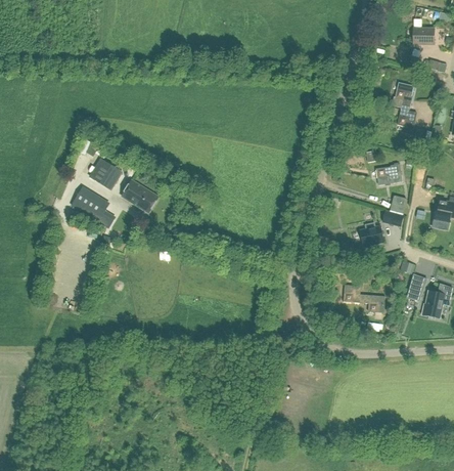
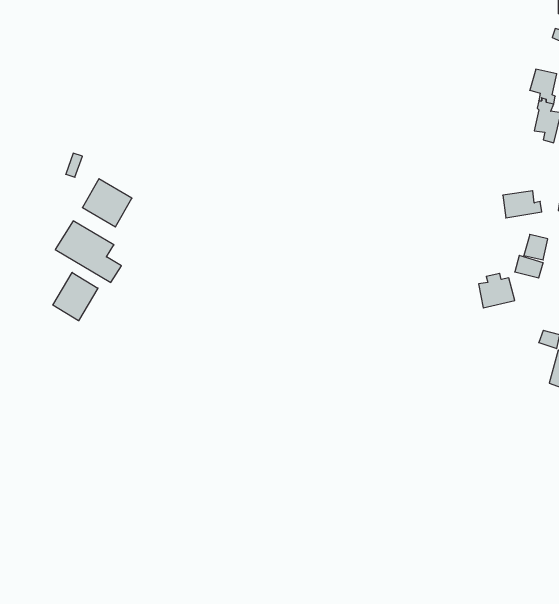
building: [121,178,155,210] -> none
building: none -> [53,272,98,321]
building: [344,285,385,312] -> none

